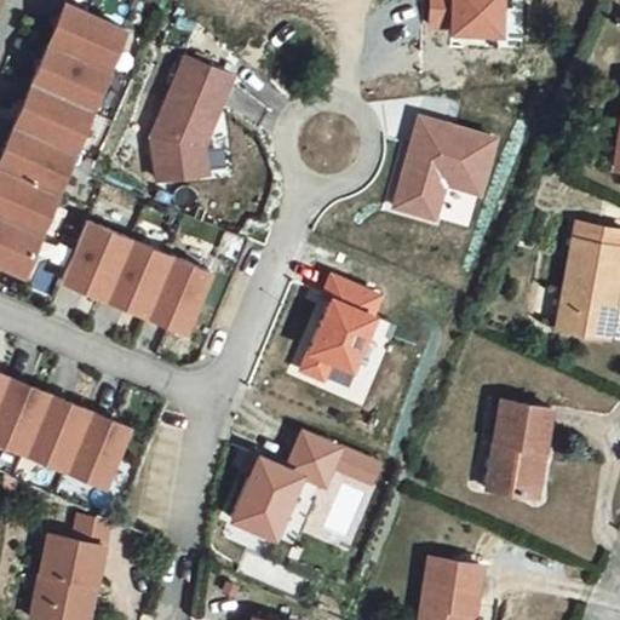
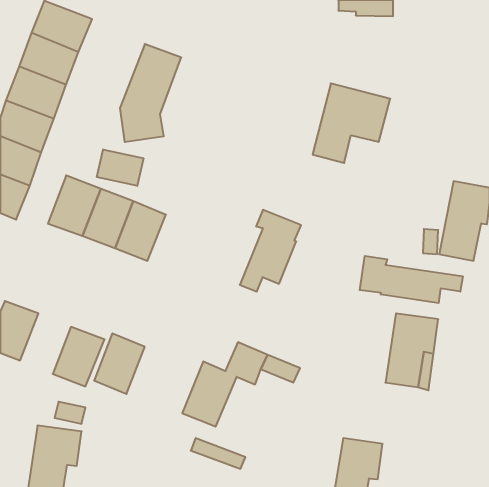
building: none -> [97,149,143,186]
building: none -> [360,256,463,303]
building: [27,400,91,476] -> [94,333,145,394]

